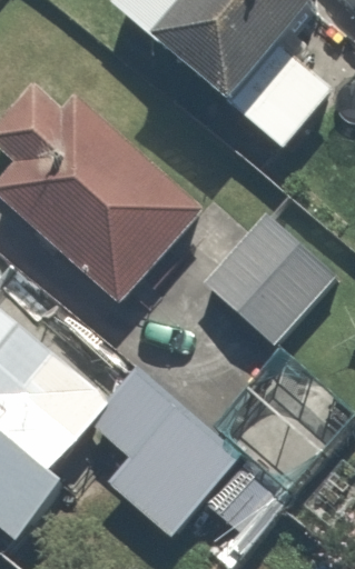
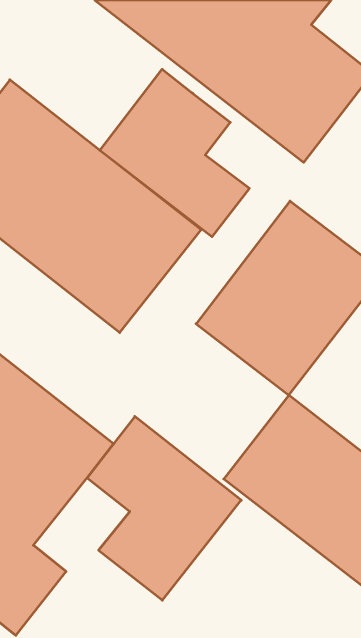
building: none -> [100,69,249,237]

